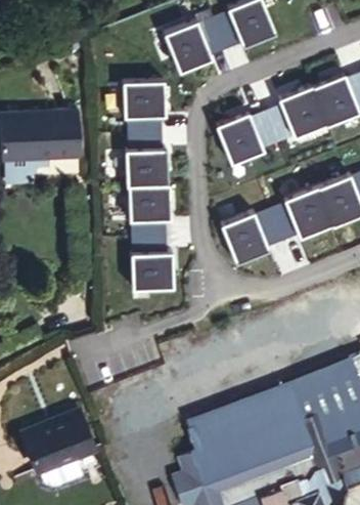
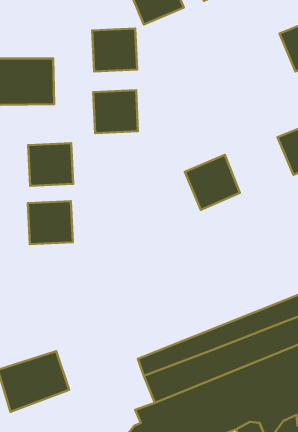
building: [271,86,328,142] -> none
building: [213,112,270,168] -> none
building: [128,188,174,233] -> [28,143,73,186]
building: [271,193,328,249] -> none
building: [133,253,179,297] -> [28,201,73,244]

